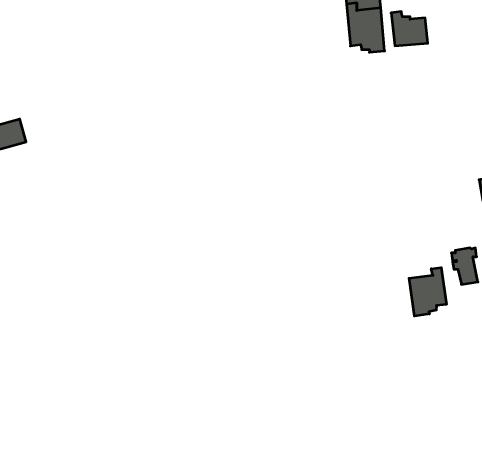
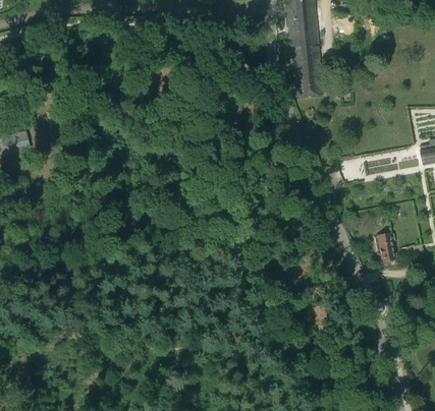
building: [391,12,428,46] -> [292,68,322,96]
building: [409,268,446,316] -> none

